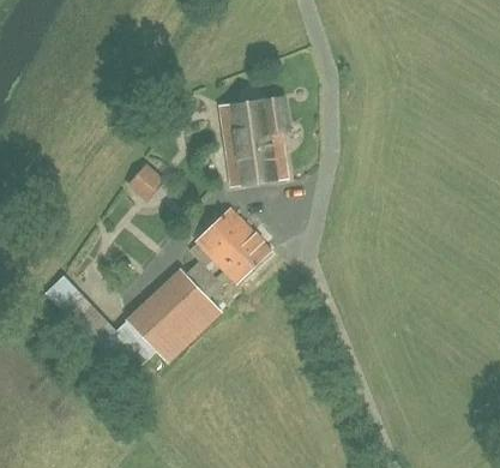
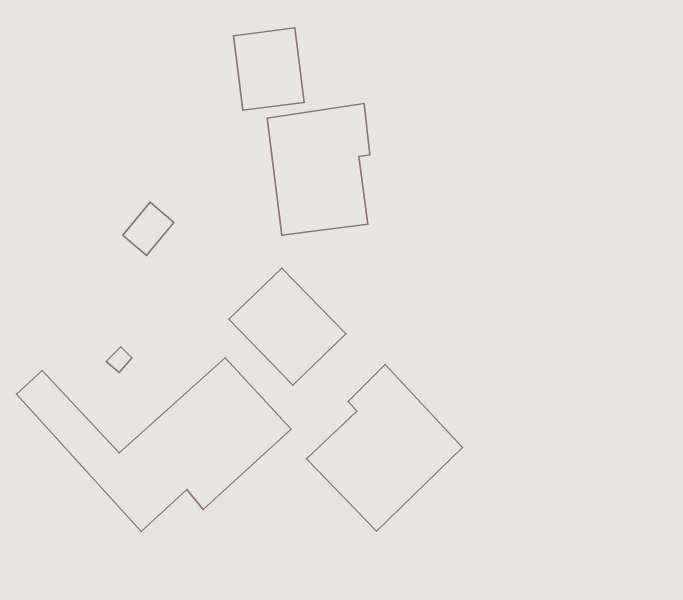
building: none -> [233,28,304,110]
building: none -> [307,364,462,531]

